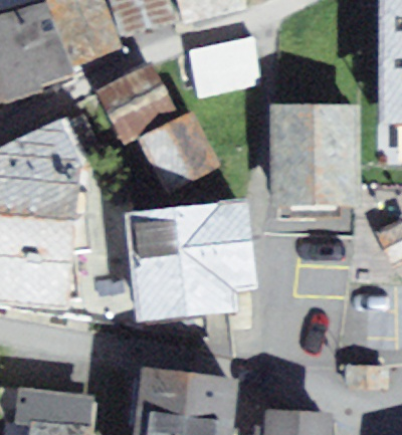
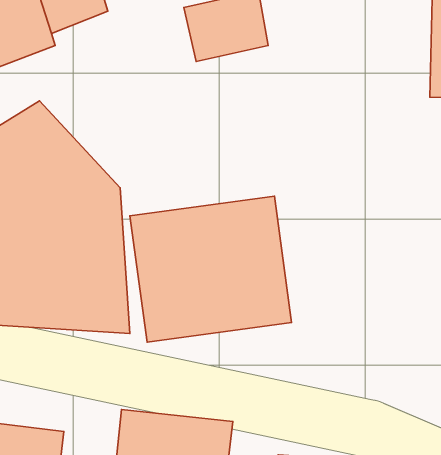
building: [96,60,175,137] -> none
building: [271,103,358,202] -> none
building: [138,113,219,194] -> none

